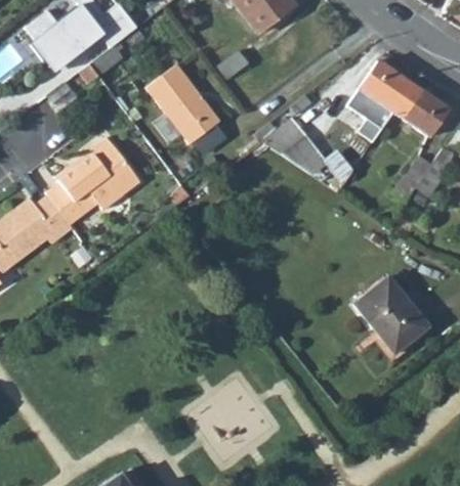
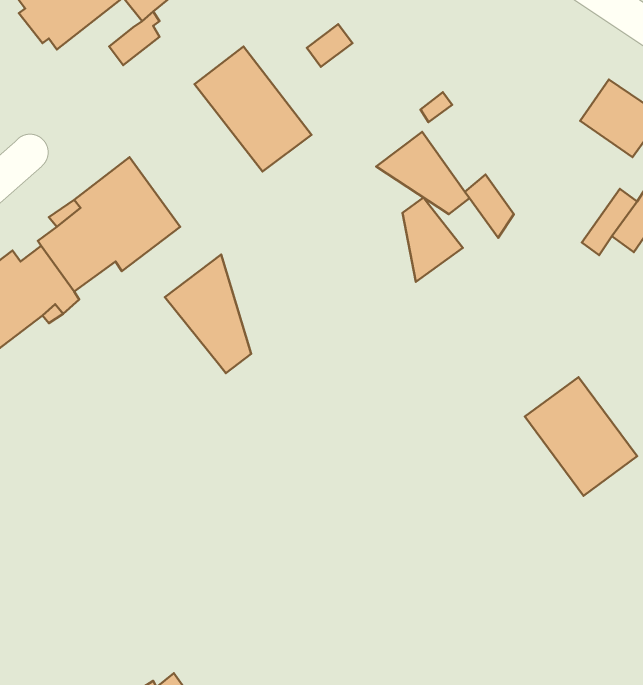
building: [347,61,414,130] -> none
building: none -> [402,198,463,282]
building: none -> [165,254,251,373]

